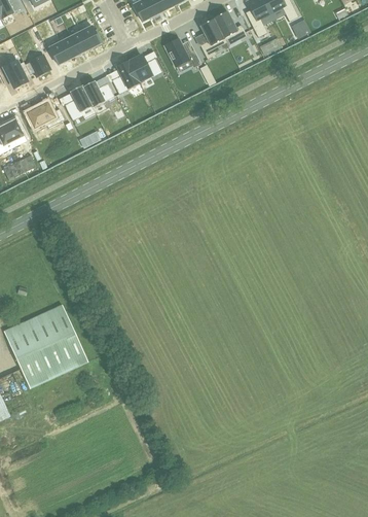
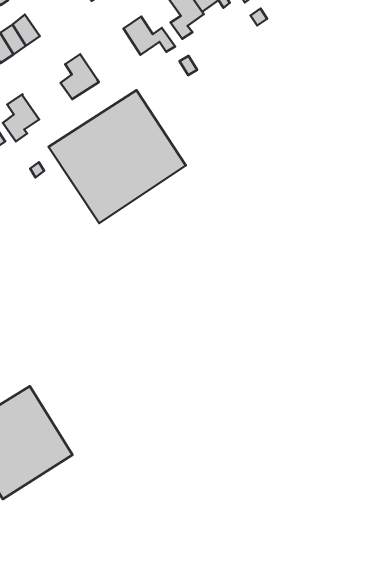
building: [128,54,161,80] -> none
building: [81,79,113,106] -> none
building: none -> [49,90,186,223]

